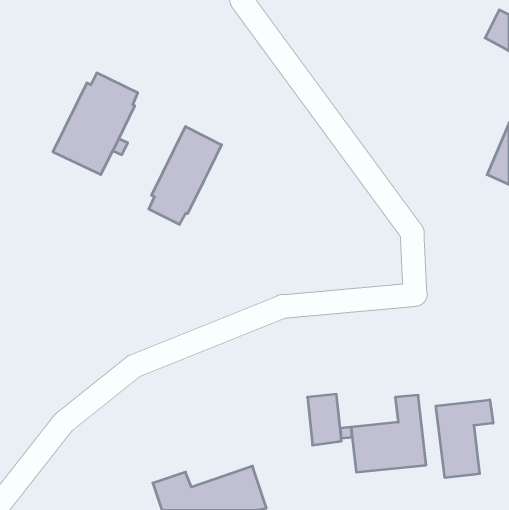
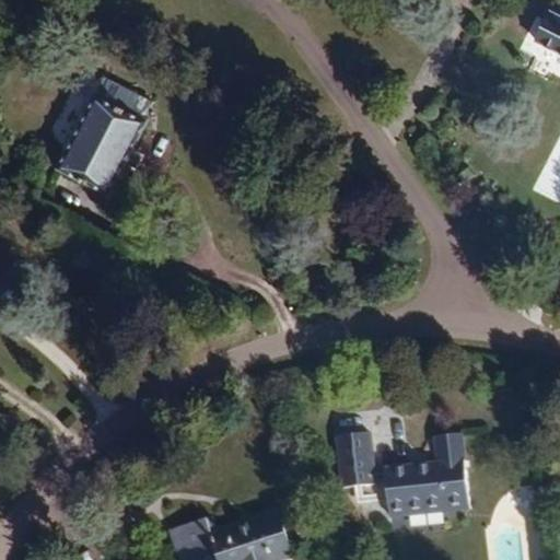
building: [149,126,222,224] -> none
building: [436,400,493,478] -> none

